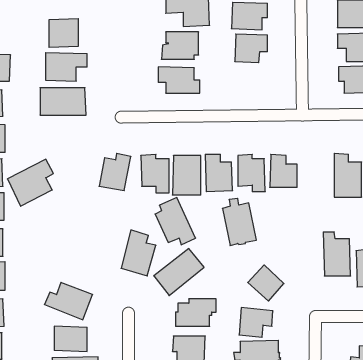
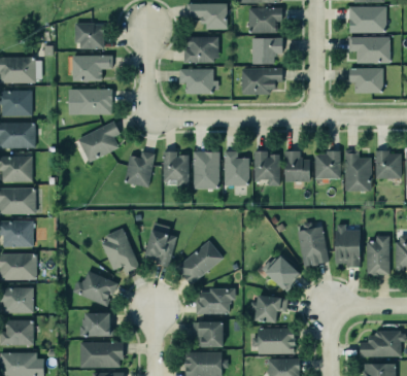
building: none -> [242,69,282,94]
building: none -> [315,152,341,179]
building: [7,159,53,206] -> [75,117,118,162]
building: [155,198,196,245] -> [100,228,138,272]
building: [222,198,256,246] -> [296,221,328,266]

